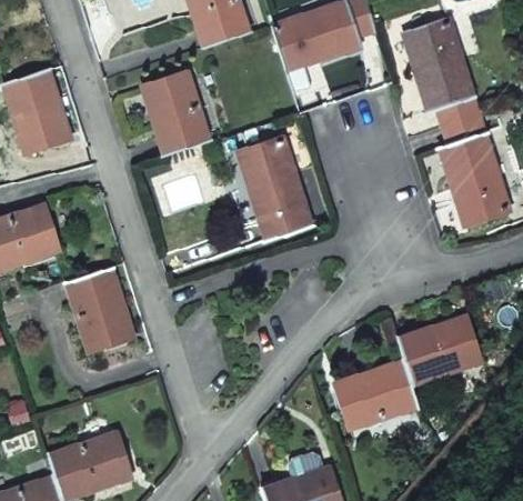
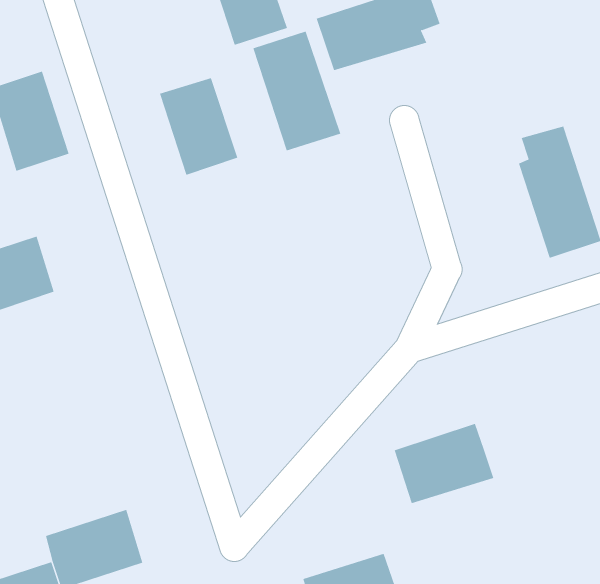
building: [405,20,479,123] -> none
building: [239,139,312,239] -> [253,31,341,151]
building: [67,267,133,349] -> none
building: [399,315,481,382] -> none

